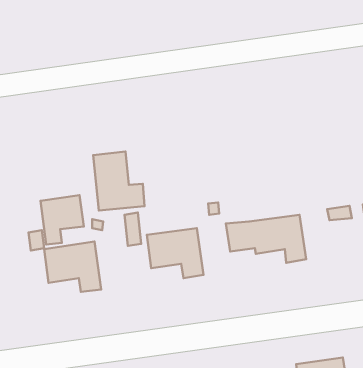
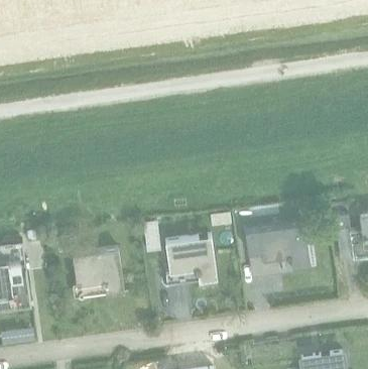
building: [93,152,145,211] -> none
building: [40,195,84,244] -> none

